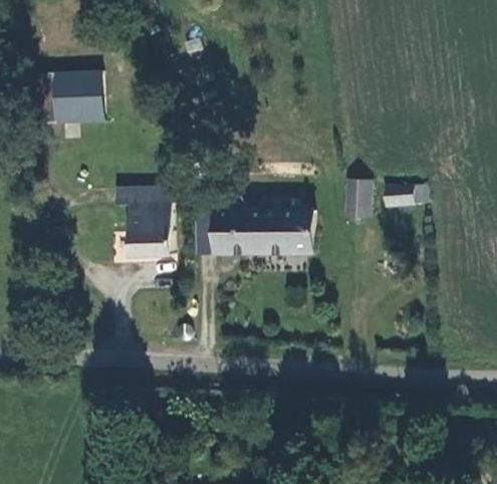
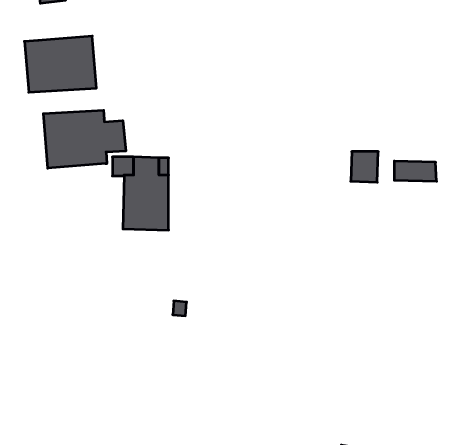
building: none -> [43,110,126,168]
building: [214,213,312,255] -> none

